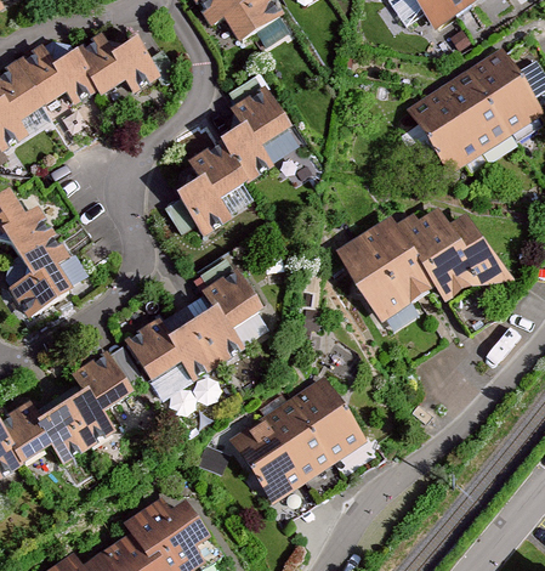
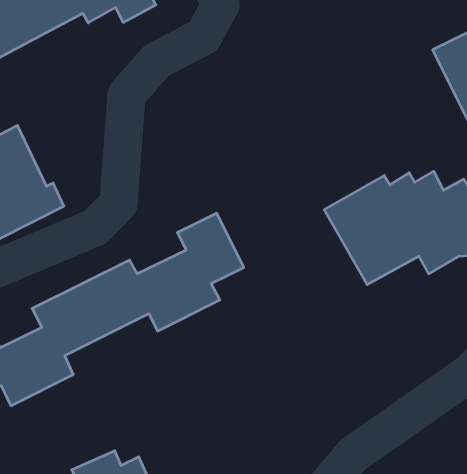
building: [172,86,288,237] -> none
building: [232,375,367,501] -> none

